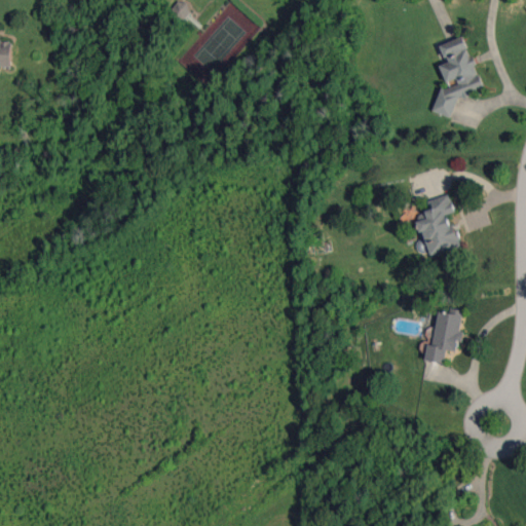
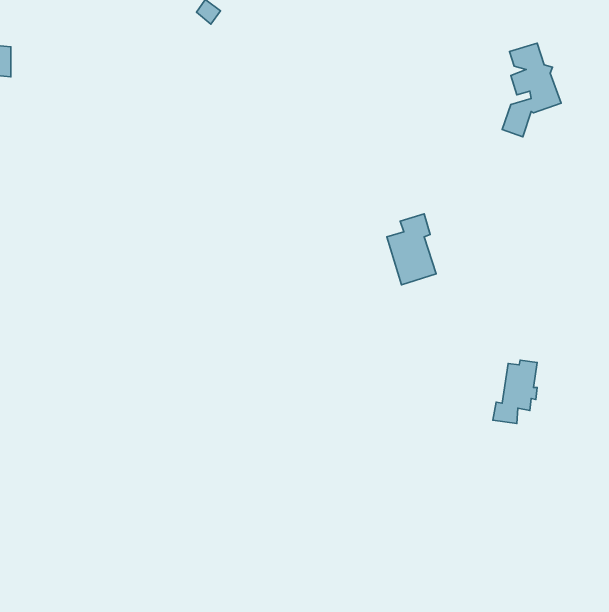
building: [415,195,457,256] -> [387,214,436,285]

